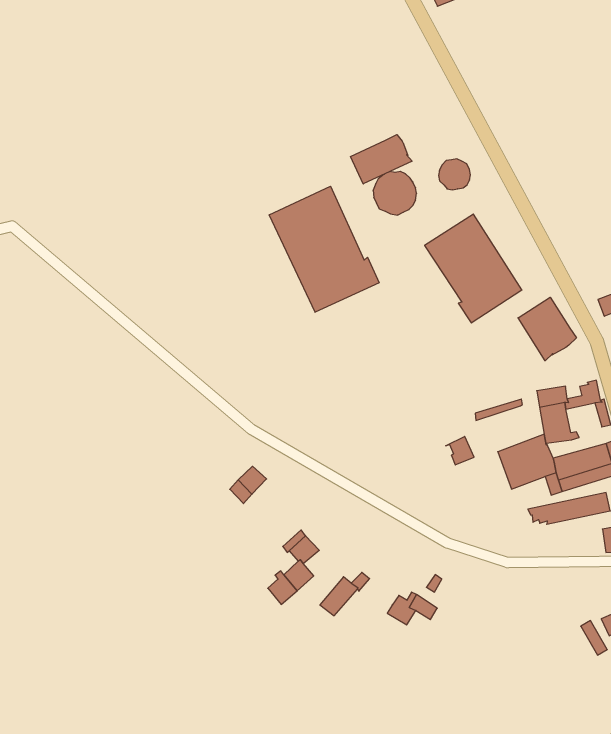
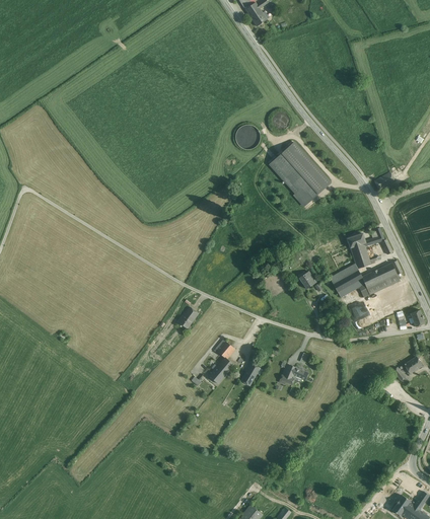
building: [350,135,412,184] -> none
building: [269,186,379,312] -> none
building: [518,297,576,361] -> none

